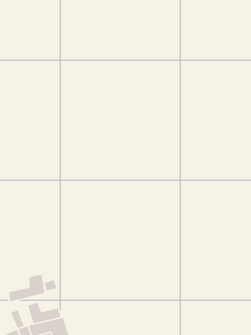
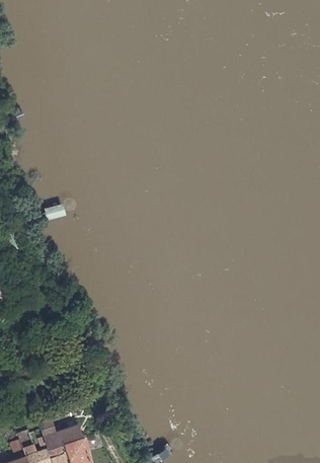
building: [8,274,45,302] -> none

